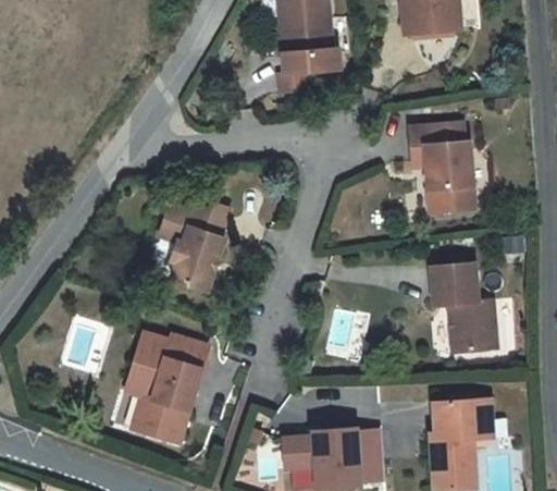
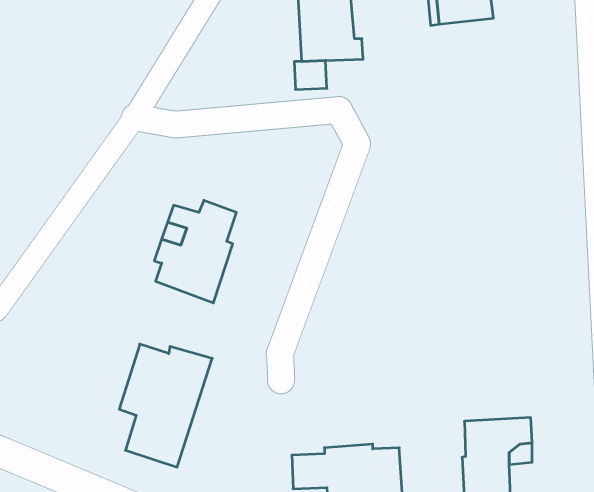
building: [407,126,473,217] -> none
building: [432,270,497,356] -> none

